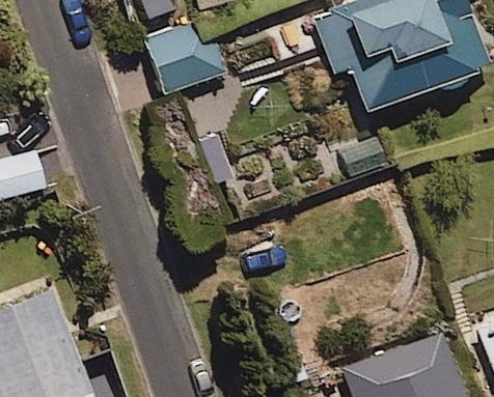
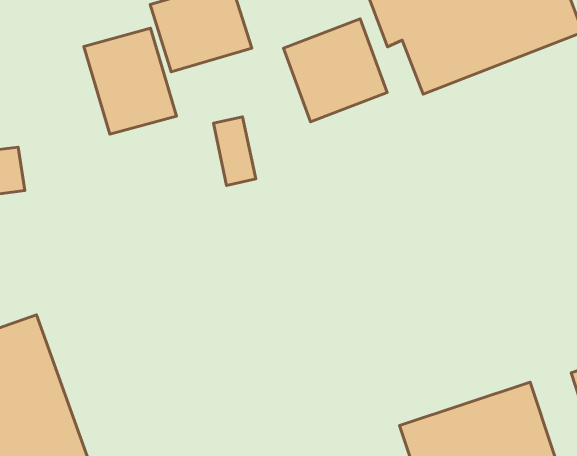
building: none -> [284,19,387,122]
building: none -> [84,28,176,134]

